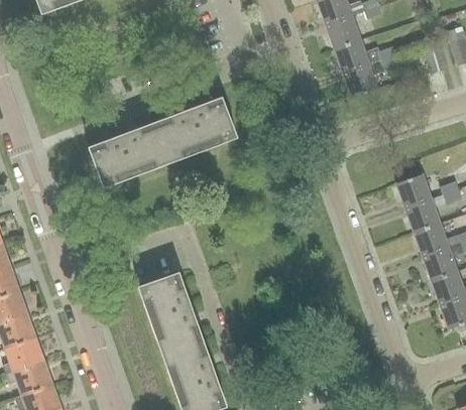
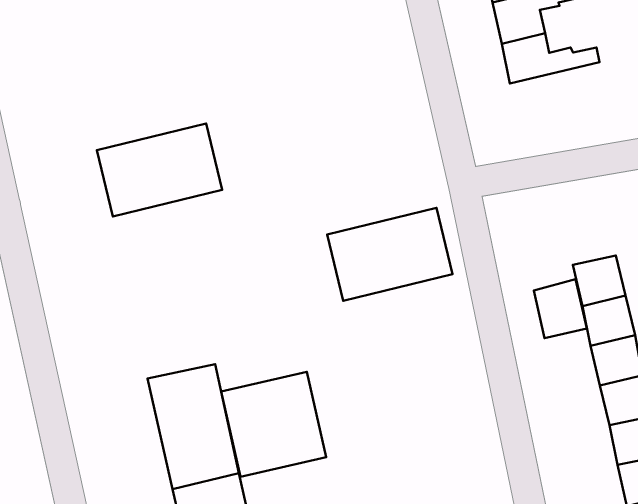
building: [342,53,399,98] -> none
building: [154,97,236,162] -> [327,208,452,301]
building: none -> [534,279,587,338]
building: none -> [221,372,326,477]

